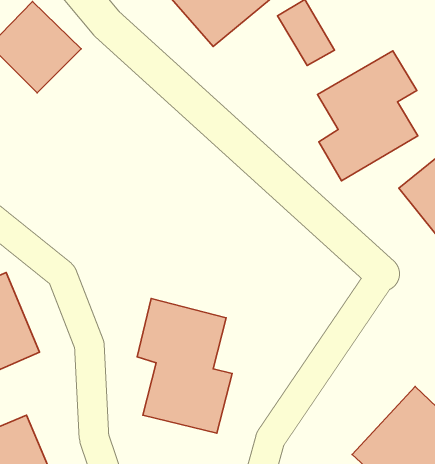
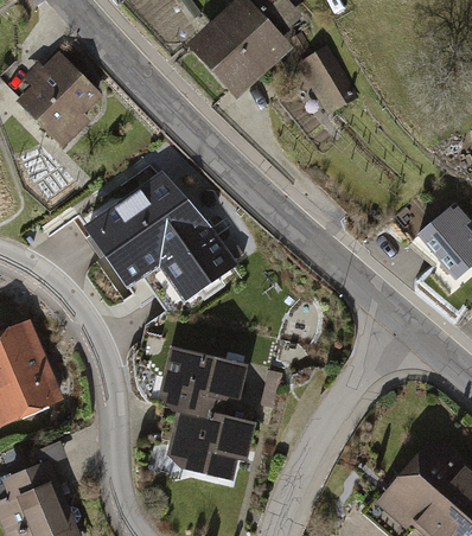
building: [317,51,418,181] -> none
building: none -> [88,177,240,306]

